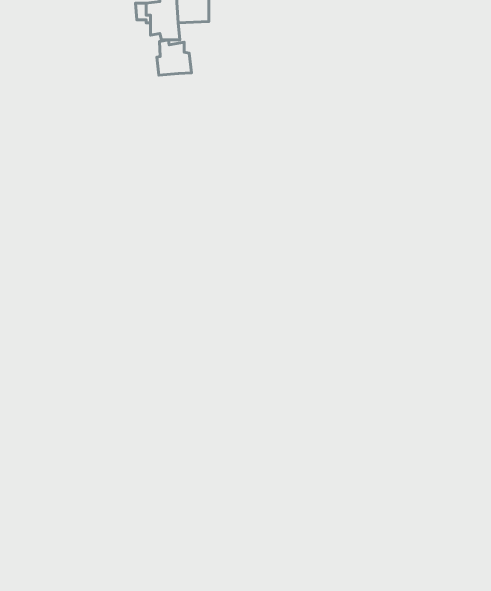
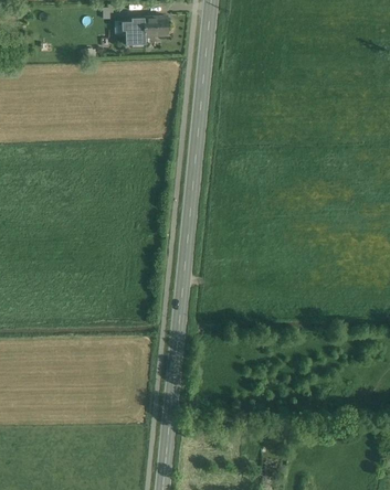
building: [157,40,191,75] -> none

